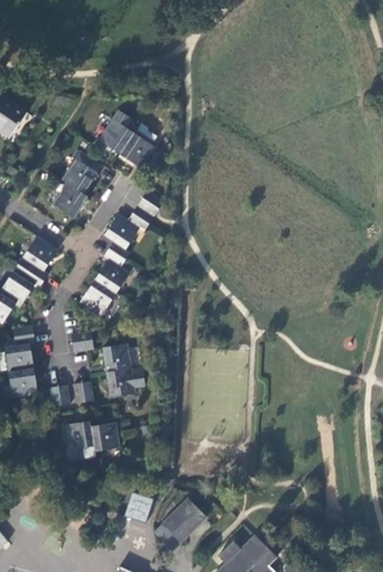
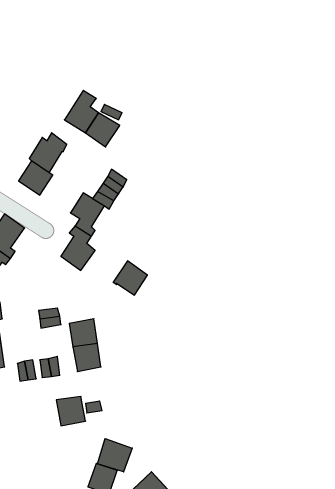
building: [80,280,115,315] -> [113,261,147,295]
building: [65,422,94,451] -> none
building: none -> [98,439,132,472]

